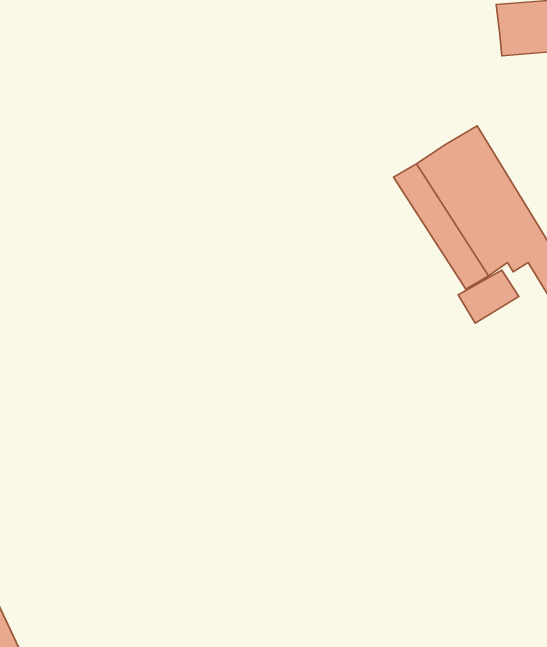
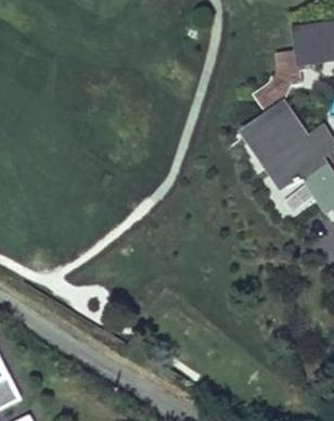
building: none -> [255,47,298,110]

